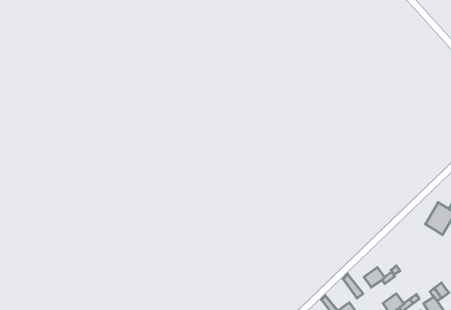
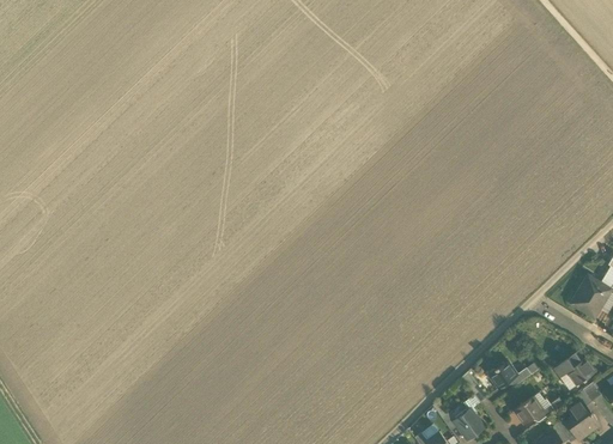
building: none -> [554,353,596,385]

